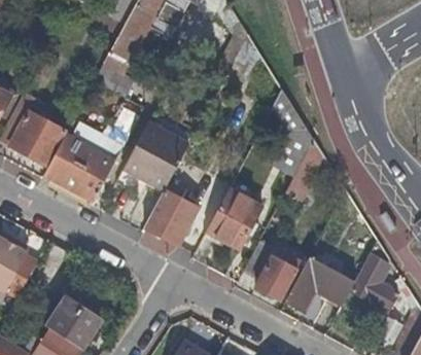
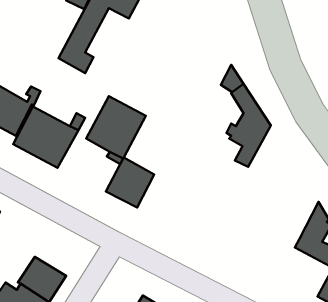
building: [206,189,261,249] -> none
building: [246,246,297,298] -> none
building: [285,256,355,311] -> none

